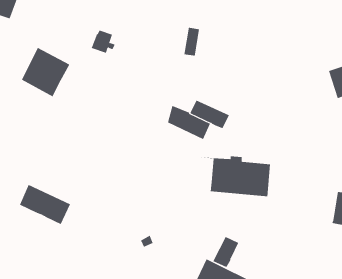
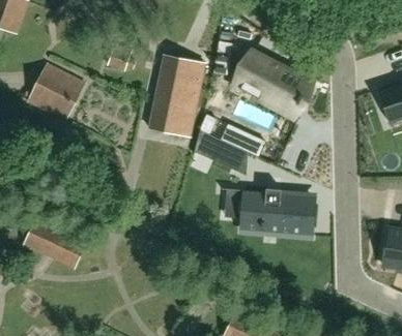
building: none -> [234,53,310,116]
building: none -> [148,55,204,136]
building: [213,236,239,268] -> none

